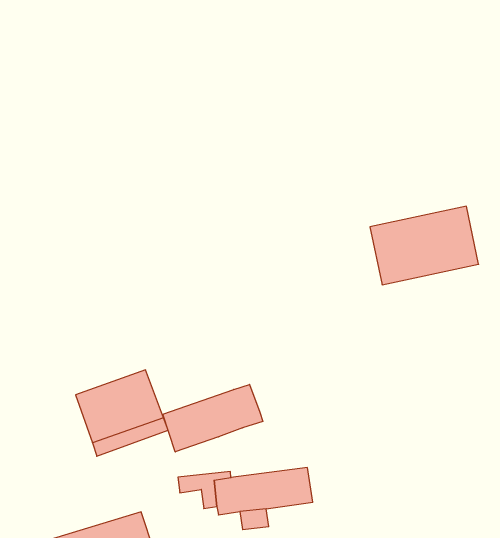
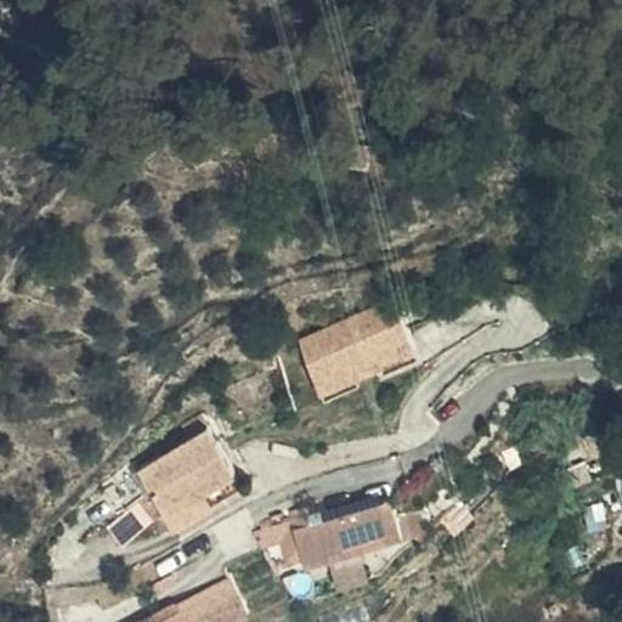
building: [370,206,479,285] -> [309,305,425,396]
building: [163,384,263,452] -> none

